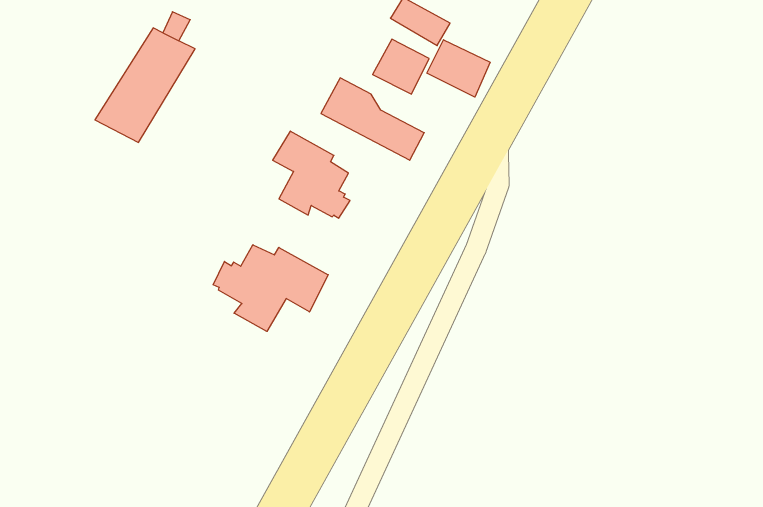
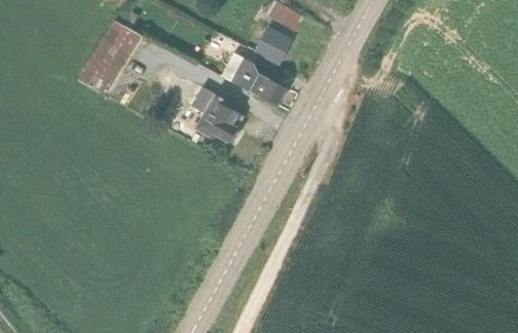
building: [427,40,490,97] -> none
building: [213,245,328,331] -> none

